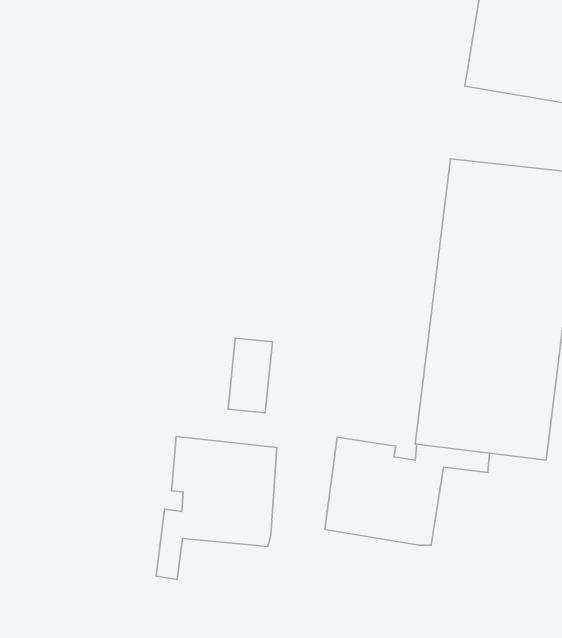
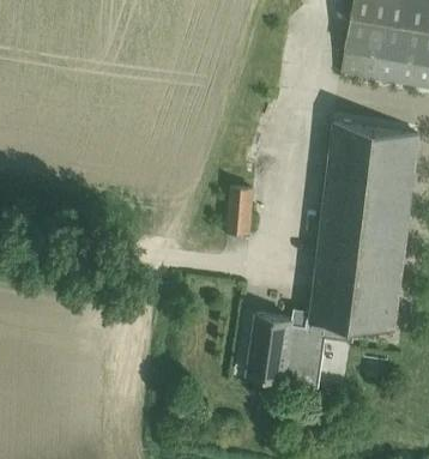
building: [228,338,272,413] -> [225,183,255,234]
building: [156,436,277,579] -> none

